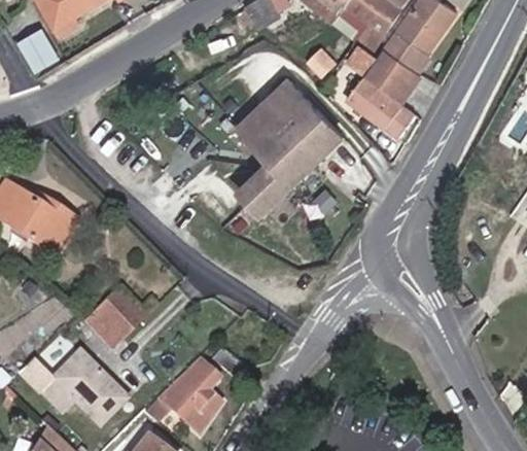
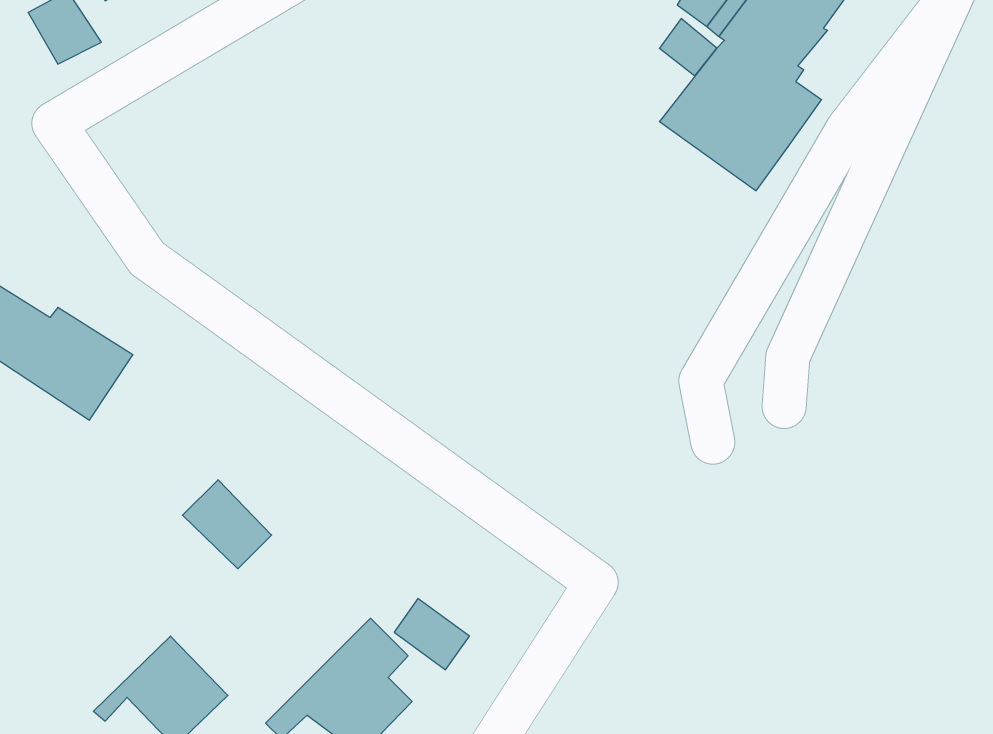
building: [234,79,341,215] -> none
building: [81,304,129,350] -> none
building: [37,350,94,406] -> none

